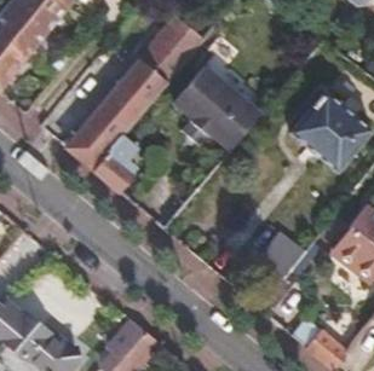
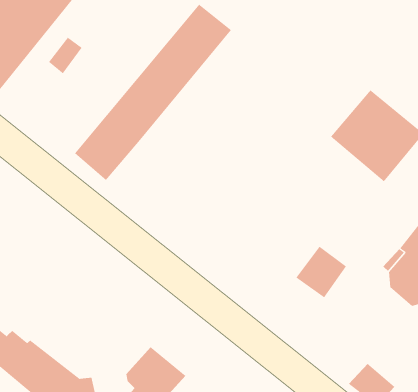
building: [173,65,257,149] -> none
building: [93,137,137,190] -> none

